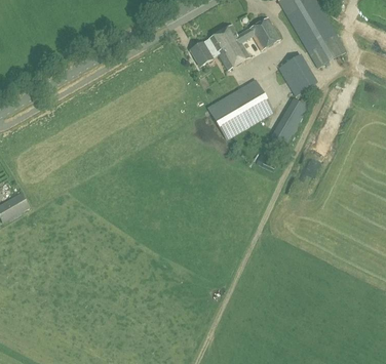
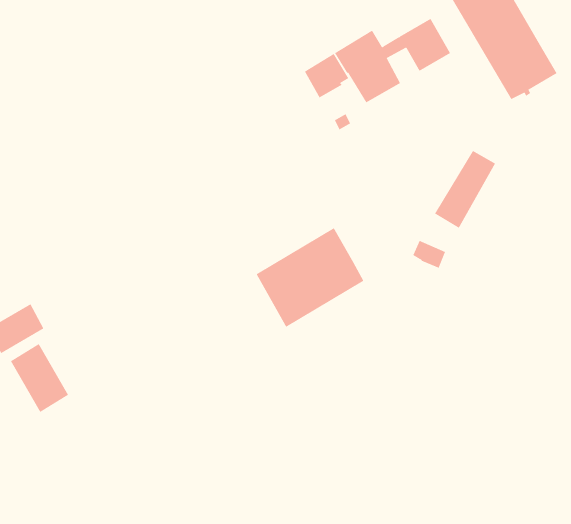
building: [277,53,318,95] -> none
building: [207,78,274,139] -> [256,227,364,328]
building: none -> [10,343,69,413]

